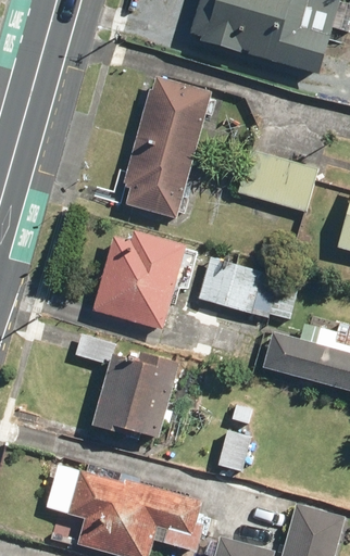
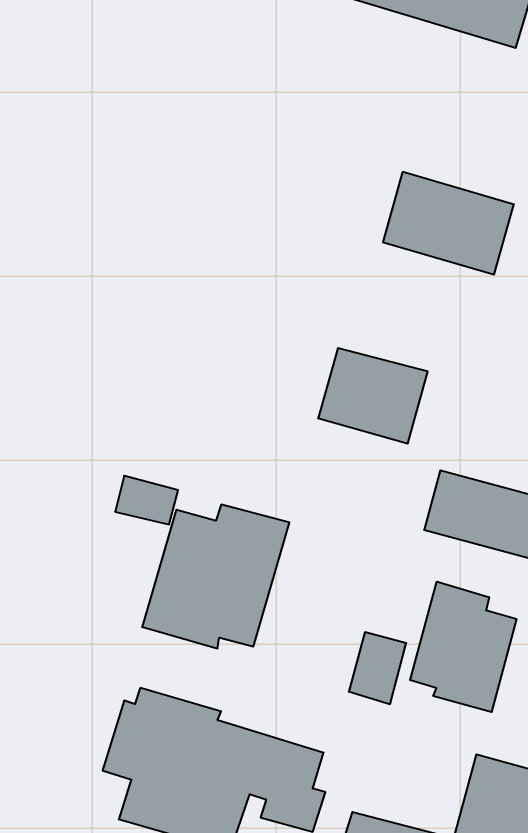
building: [123,77,213,219] -> none
building: [93,231,186,331] -> none
building: none -> [410,582,516,712]

